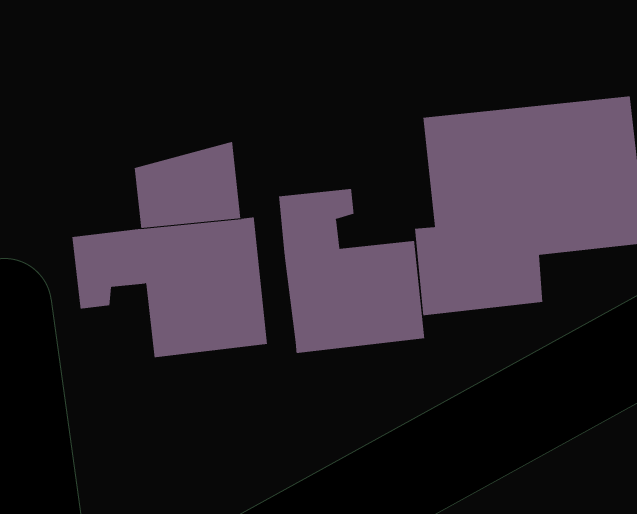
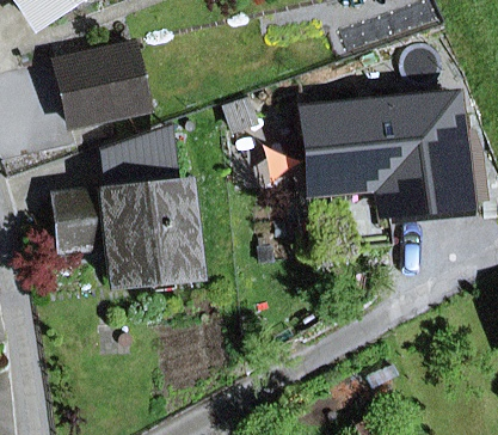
building: none -> [56,42,146,123]
building: [278,188,425,354] -> none

